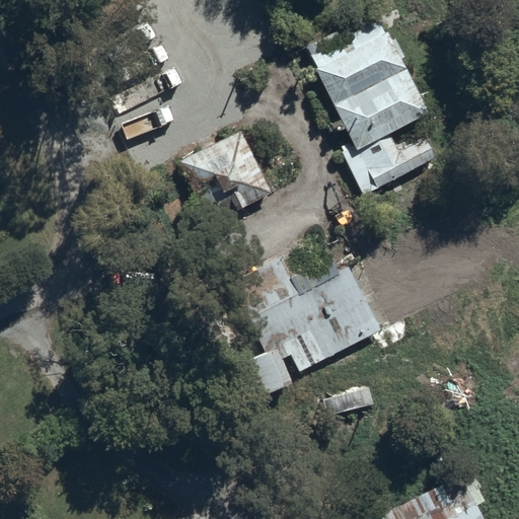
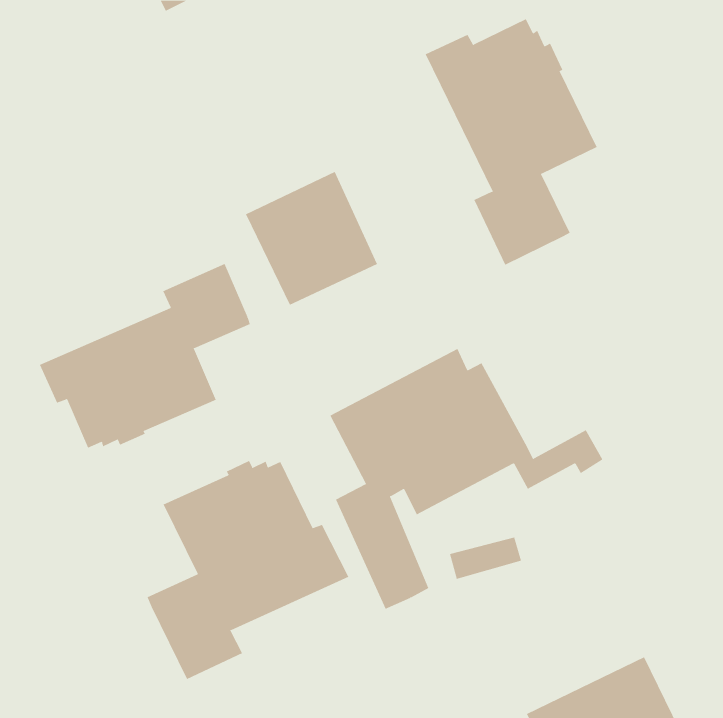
building: none -> [39,263,250,448]
building: none -> [147,460,349,680]

